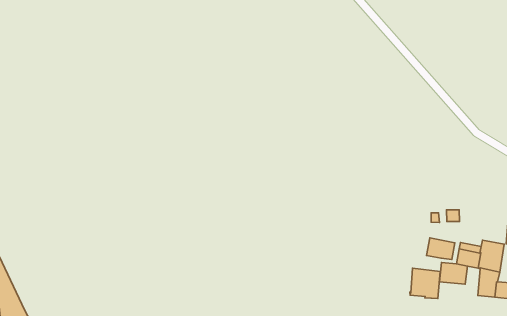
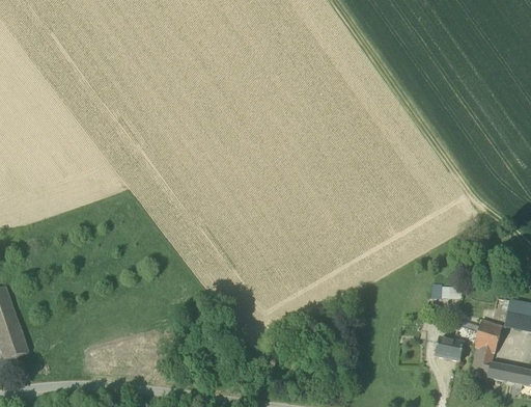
building: [427,238,455,259] -> none
building: [410,268,440,298] -> none

